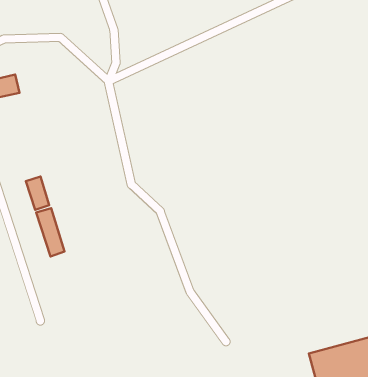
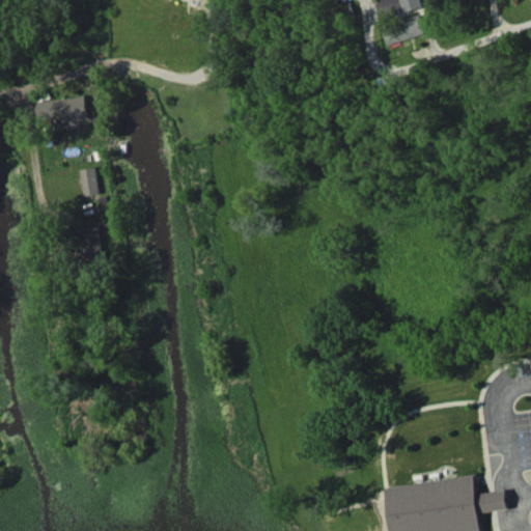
building: none -> [76,169,95,198]
building: [36,208,65,256] -> none

